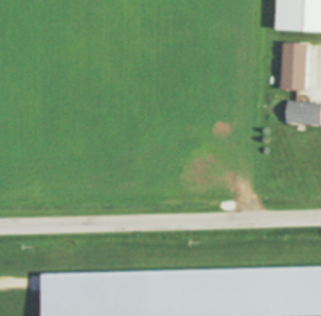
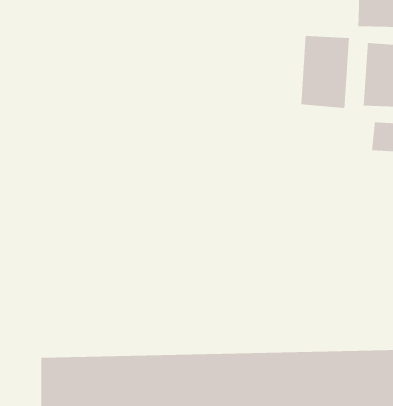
building: none -> [301,35,350,109]

